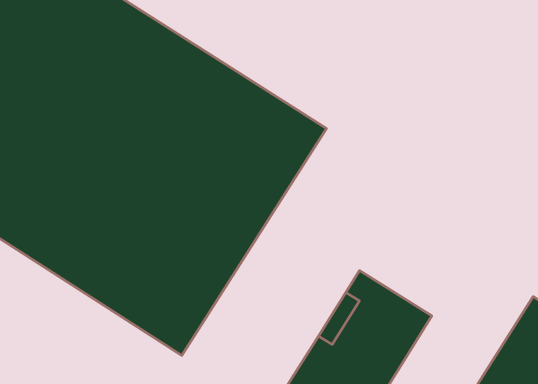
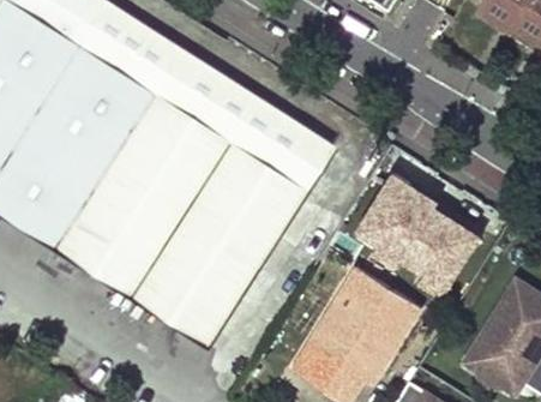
building: none -> [354,160,488,301]

